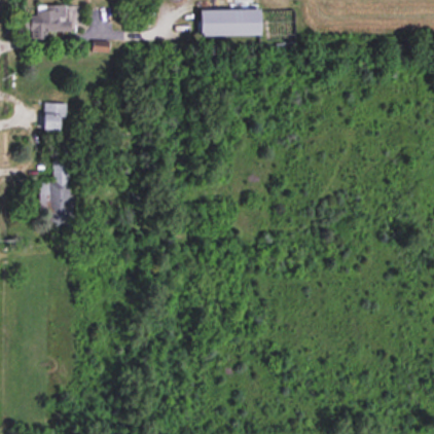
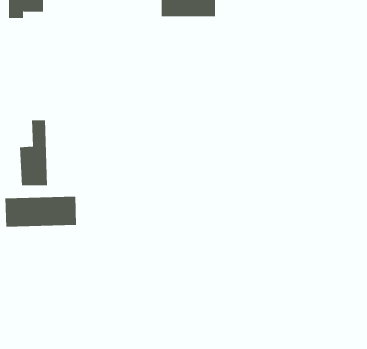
building: [44,103,67,130] -> none
building: none -> [5,196,77,228]

